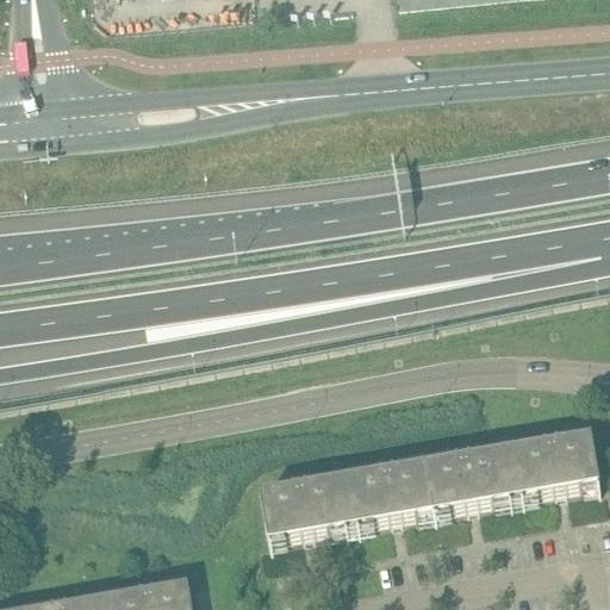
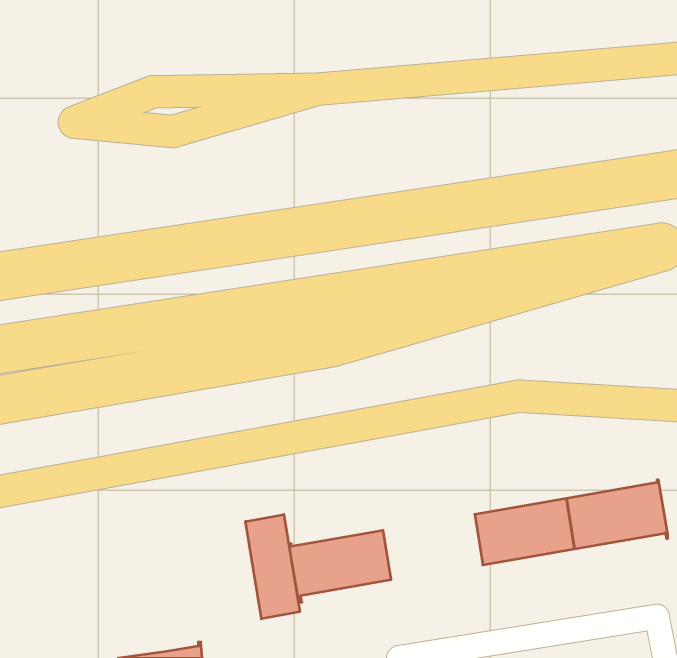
building: none -> [246,514,300,619]
building: [343,461,432,519] -> none

